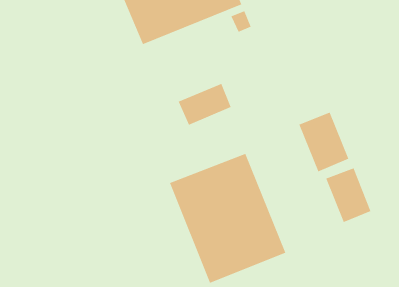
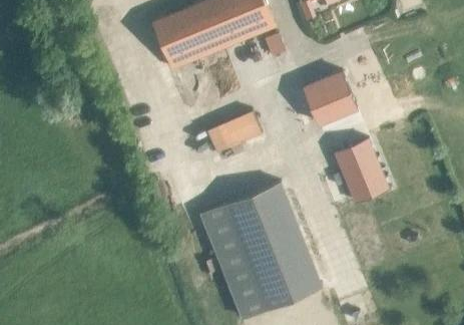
building: none -> [304,72,358,125]
building: [326,168,371,223] -> none

